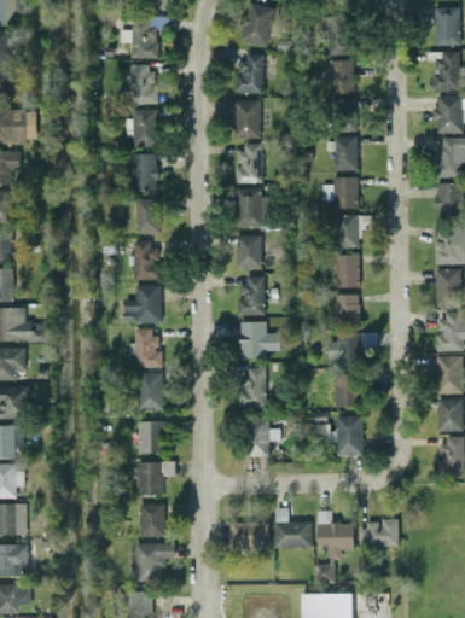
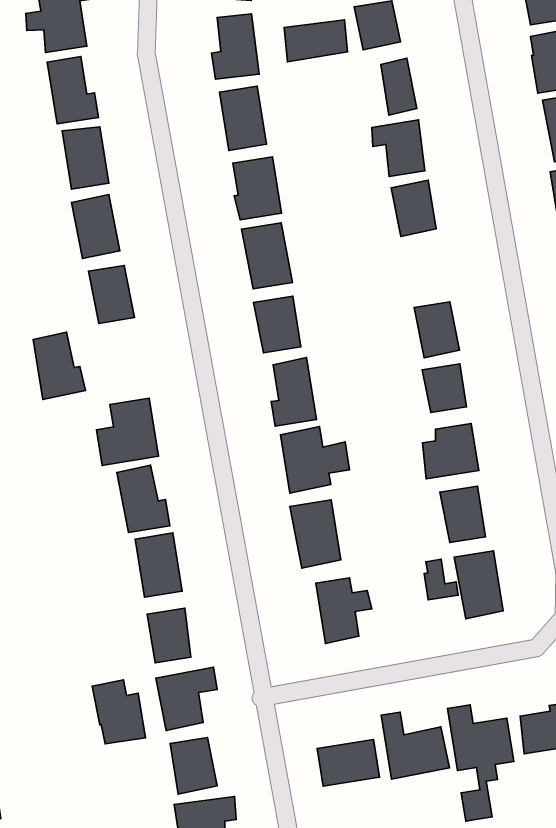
building: none -> [284,20,348,62]
building: [336,215,372,249] -> none
building: [133,240,161,280] -> [33,332,86,399]
building: none -> [92,680,145,744]

